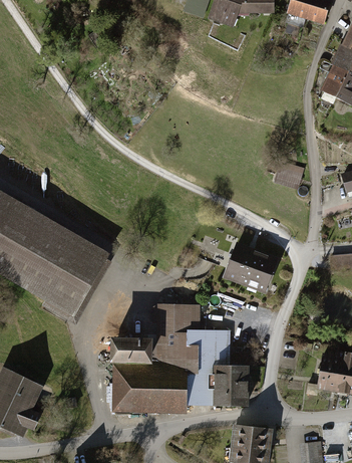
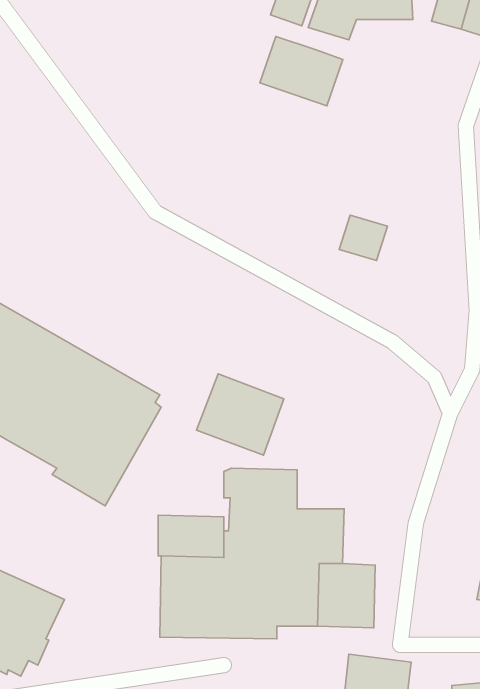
building: none -> [260,37,343,106]
building: [273,161,304,190] -> [339,215,387,260]
building: [222,243,278,295] -> [196,374,284,455]

